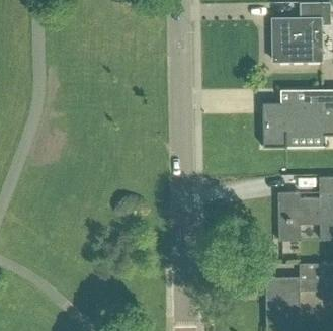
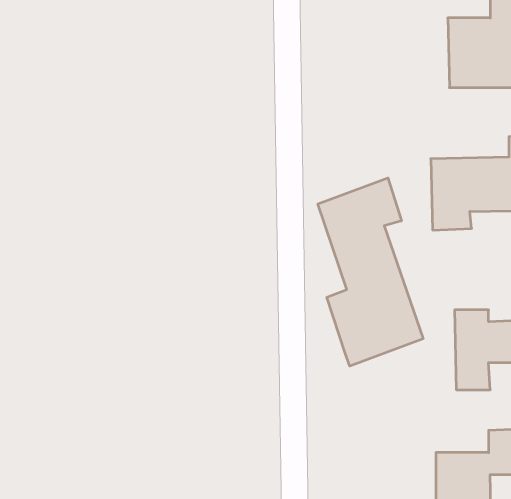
building: none -> [318,178,423,366]

